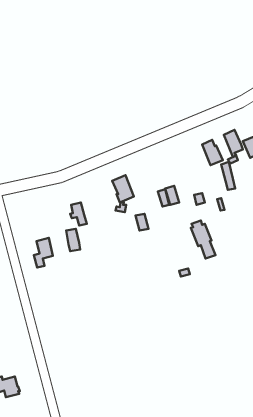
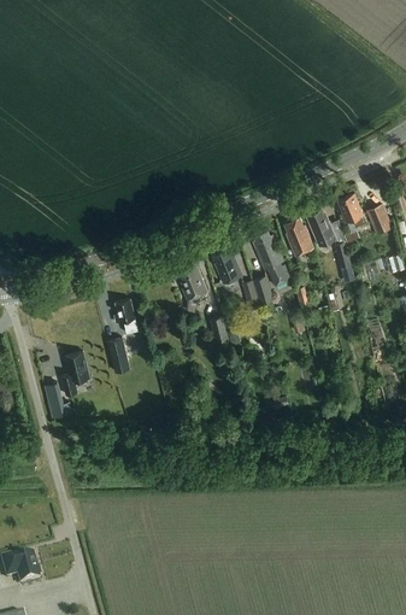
building: none -> [284,218,314,257]
building: none -> [212,248,241,283]
building: [191,221,216,259] -> [253,232,289,287]
building: none -> [47,381,75,417]

